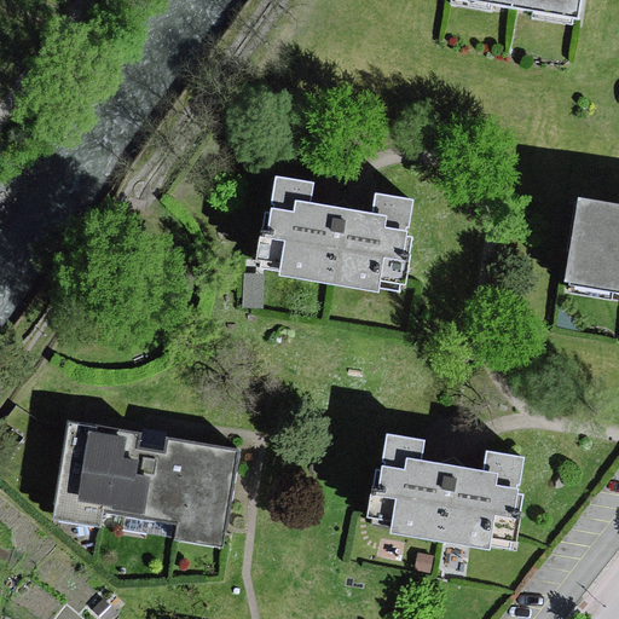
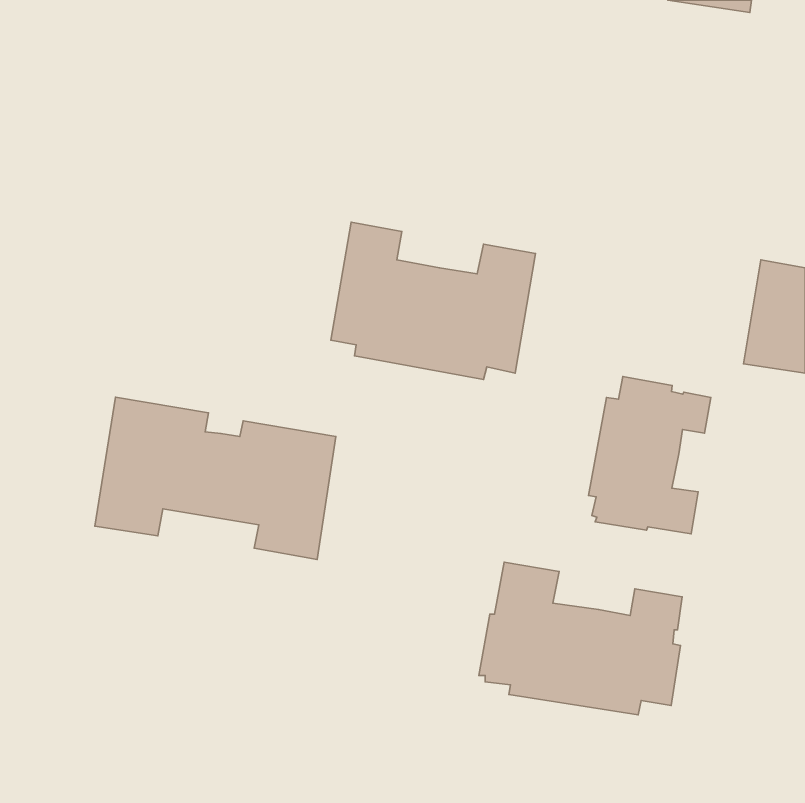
building: none -> [588,376,711,534]
building: [52,420,237,544] -> [95,397,336,559]

